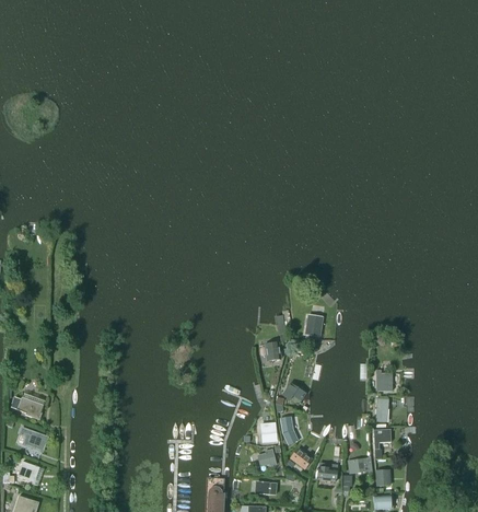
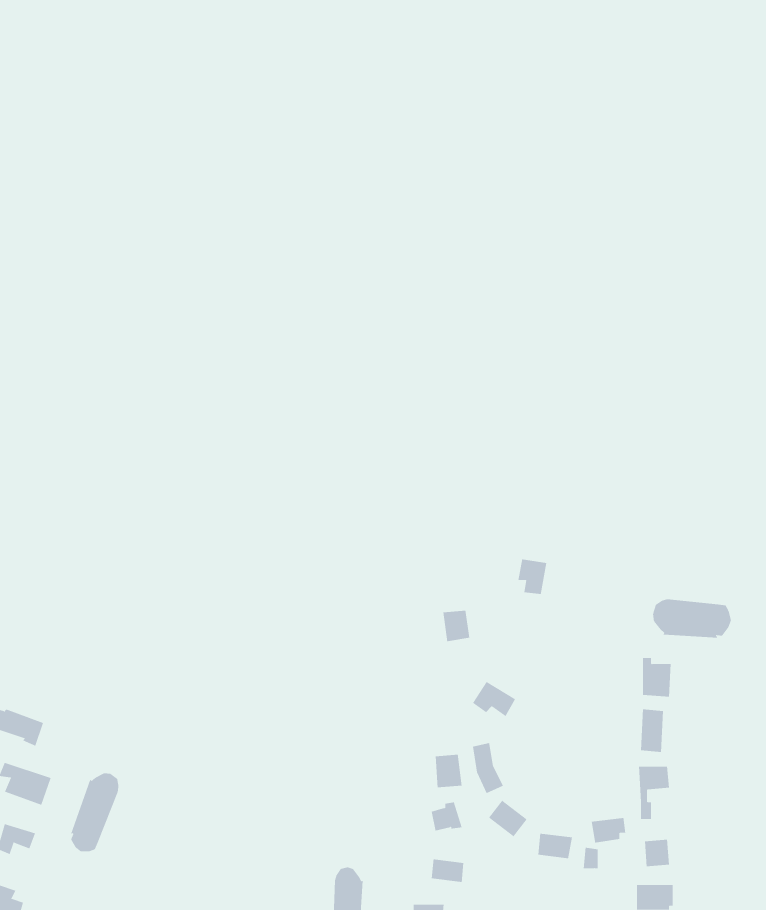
building: none -> [653,599,731,639]
building: none -> [70,773,119,852]

